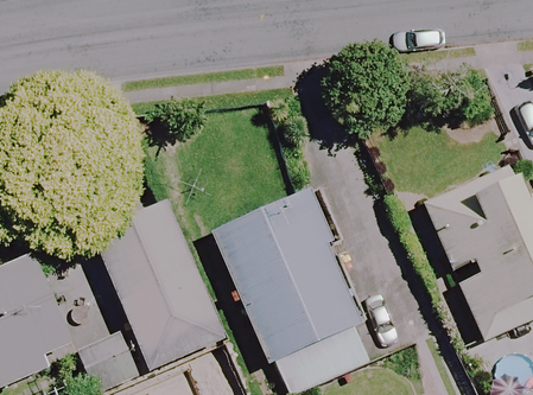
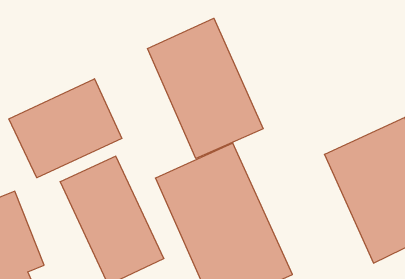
building: none -> [147,18,263,158]
building: none -> [9,79,122,178]

